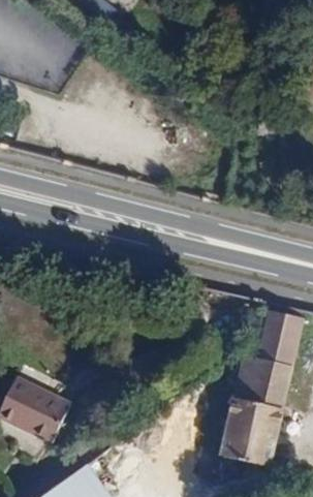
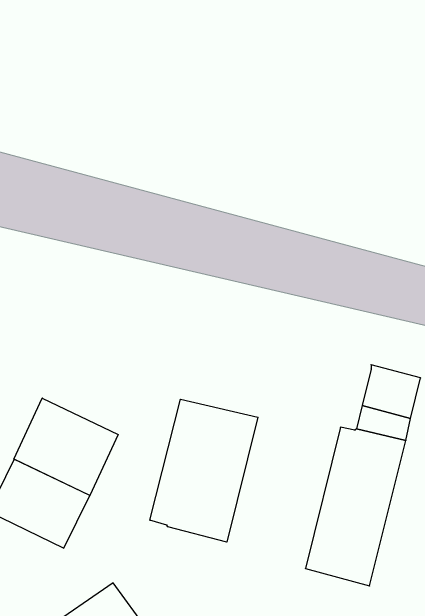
building: none -> [14,398,118,496]
building: none -> [150,399,258,542]

